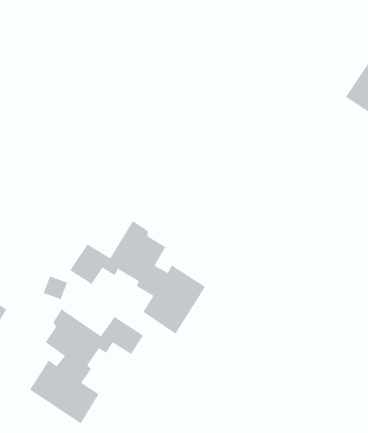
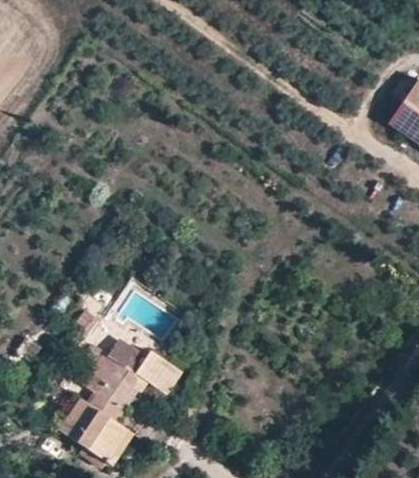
building: [70,220,206,335] -> none

